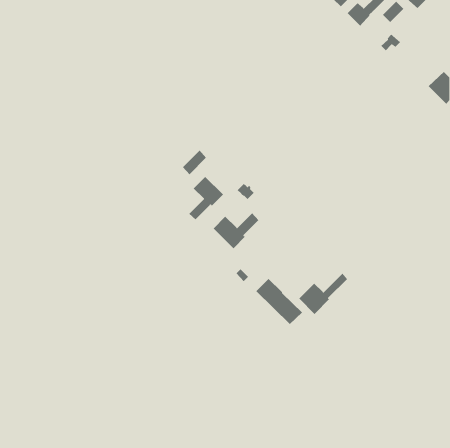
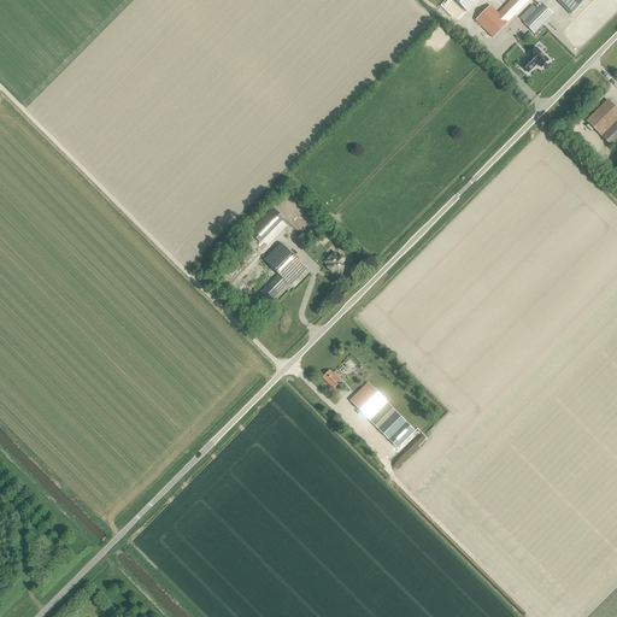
building: [213,212,259,249] -> none
building: [298,273,348,315] -> none

